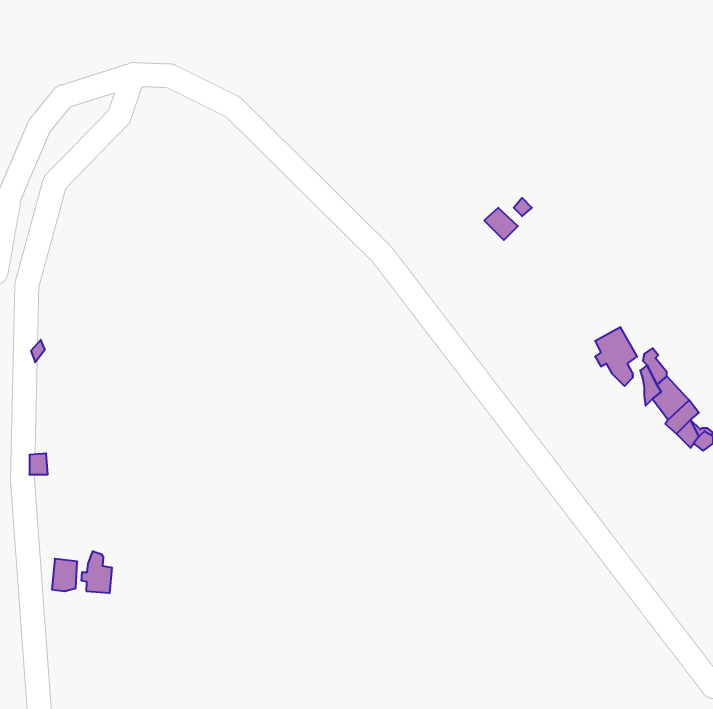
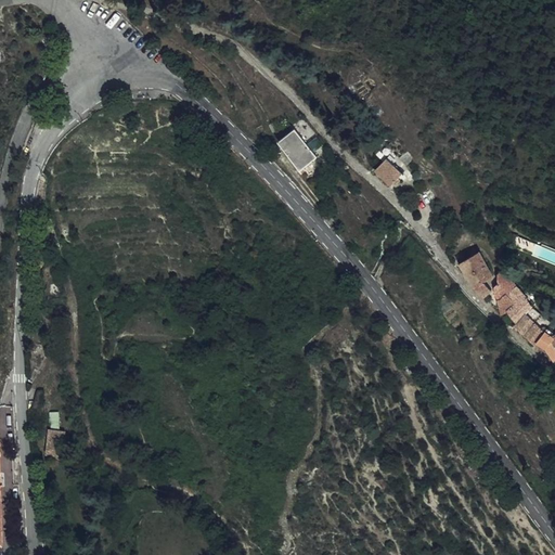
building: none -> [278,131,315,170]
building: [82,551,112,593] -> none

